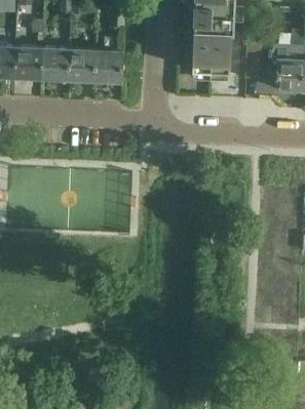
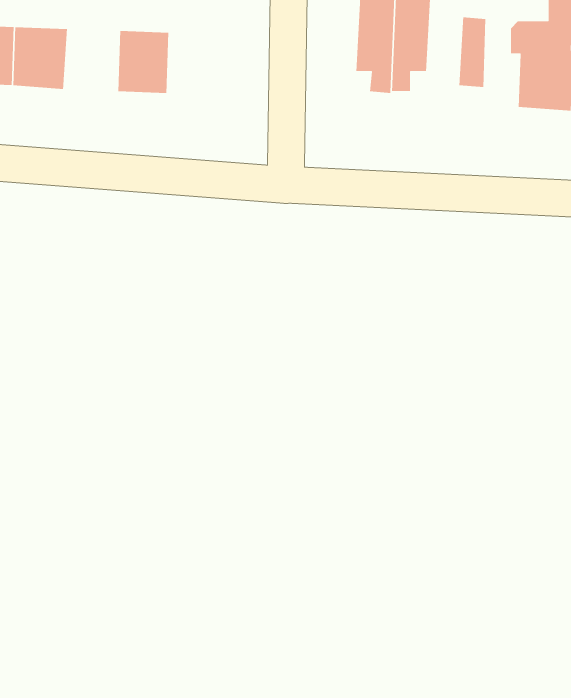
building: [40,48,69,81] -> none
building: [93,50,122,83] -> none

